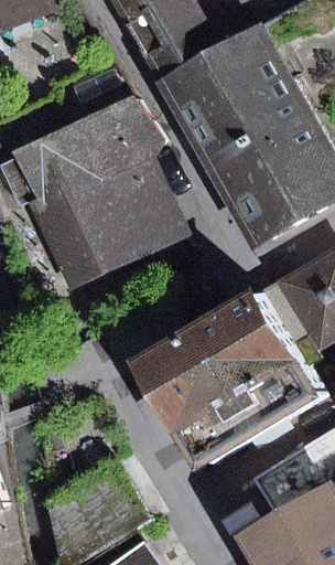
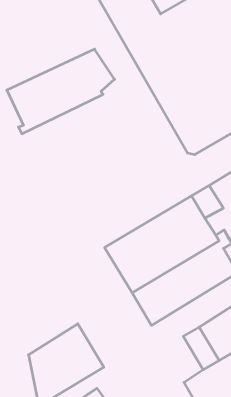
building: [31,161,172,285] -> none

